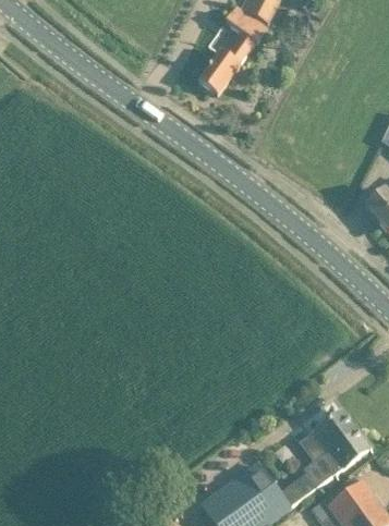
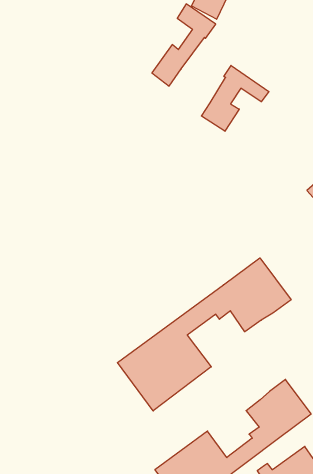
building: none -> [201,65,269,131]
building: none -> [117,258,291,411]

